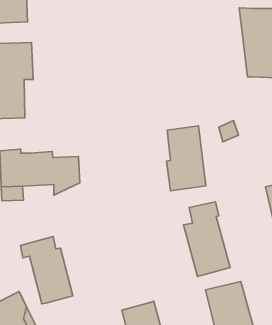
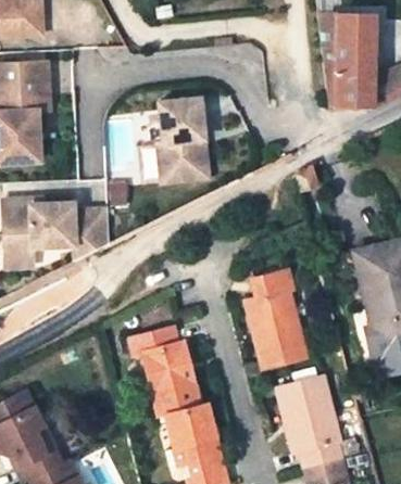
building: [166,126,206,191] -> [156,97,209,182]
building: [20,237,73,304] -> [131,327,201,416]

